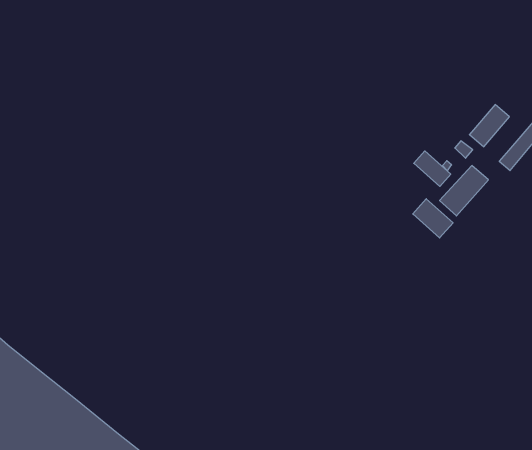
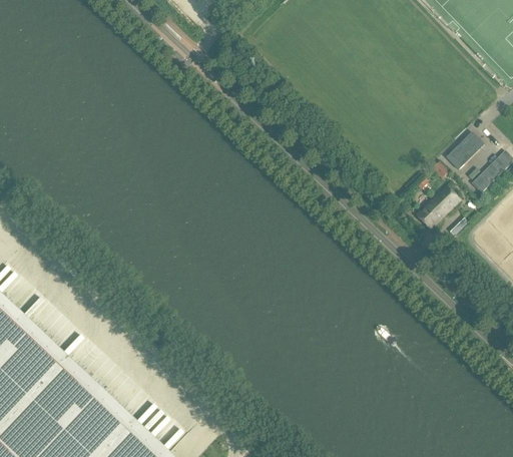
building: [414,151,451,186] -> none
building: [413,199,453,238] -> none

